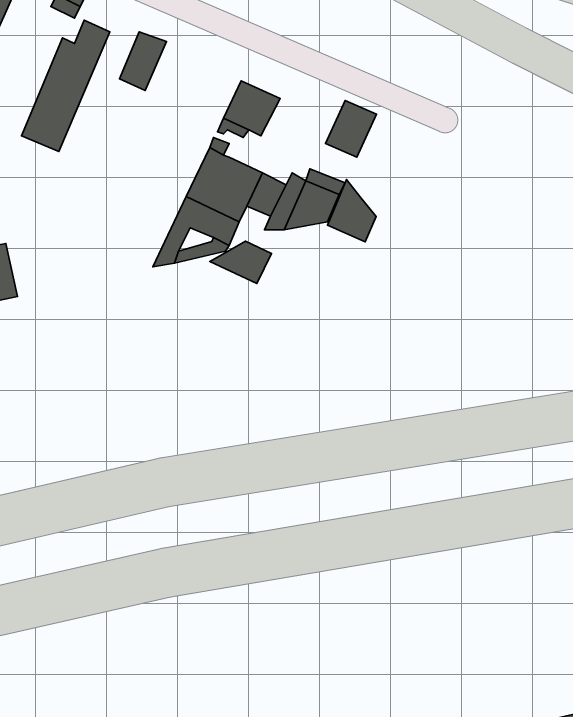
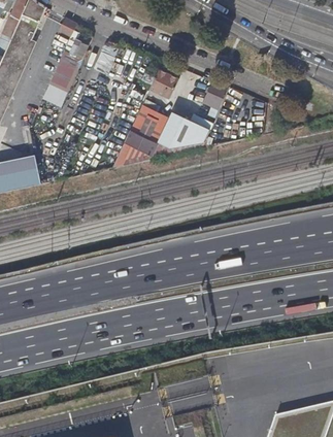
building: [327,179,376,242] -> none
building: [210,241,272,283] -> none

